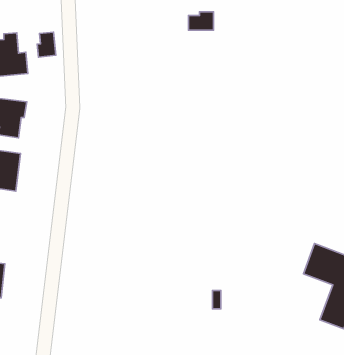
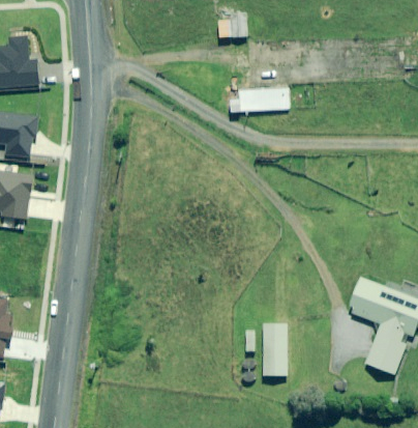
building: [37,32,56,57] -> none
building: none -> [230,88,289,112]
building: none -> [263,323,287,375]

